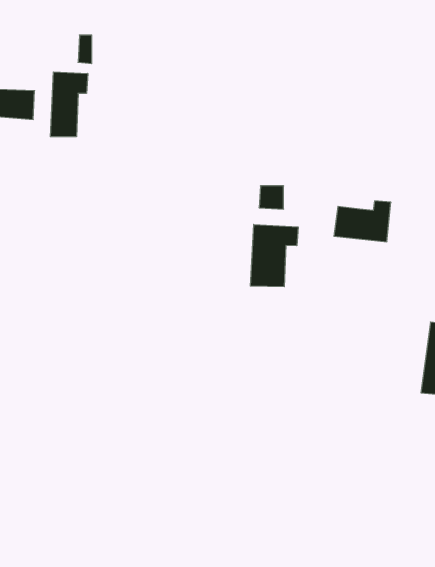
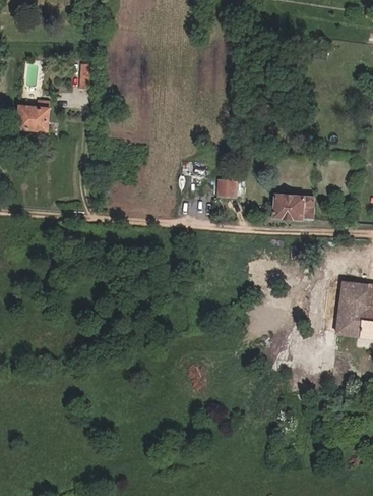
building: [50,72,88,137] -> none
building: [250,224,298,287] -> none

